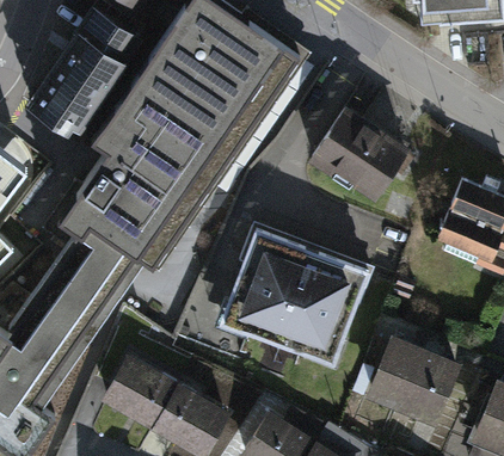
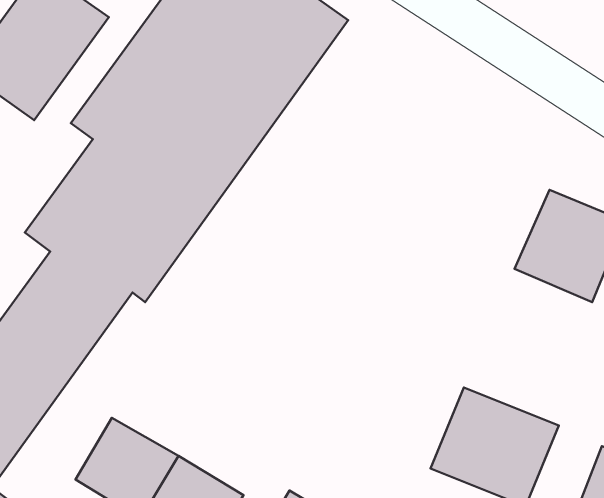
building: [312,106,413,203] -> none
building: [215,227,364,365] -> none

